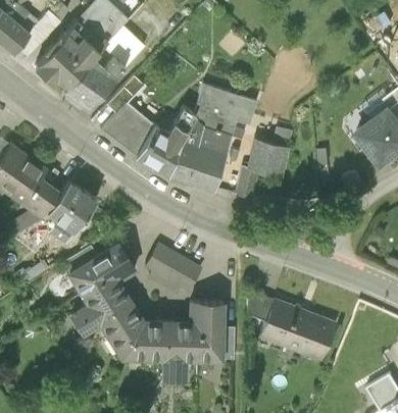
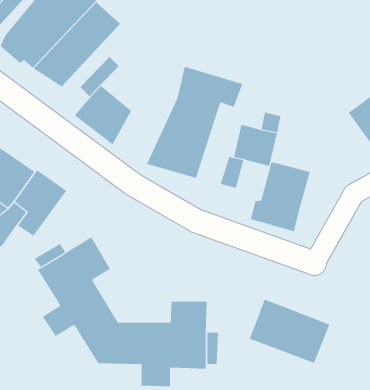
building: [138,109,196,176] -> none
building: none -> [250,162,310,232]
building: [148,244,203,293] -> none
building: [248,291,277,321] -> none

